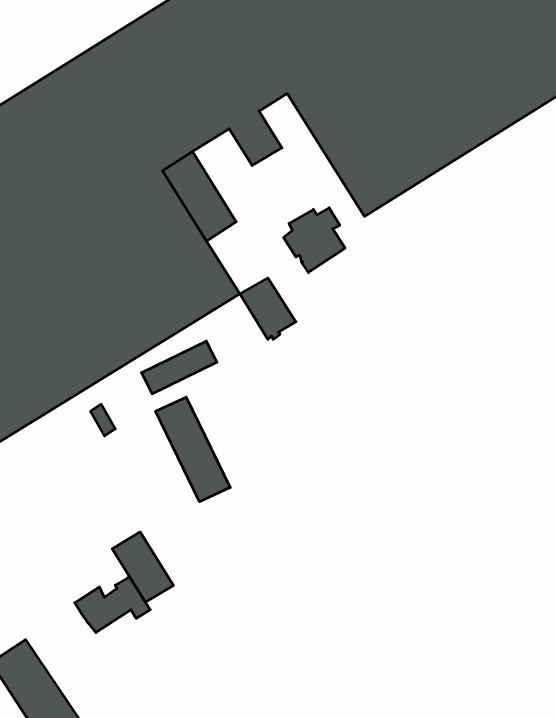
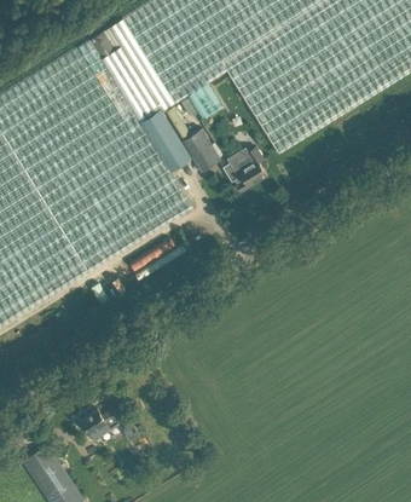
building: [240,278,296,339] -> [180,129,219,172]
building: [156,397,230,502] -> none
building: [112,532,173,602] -> none

